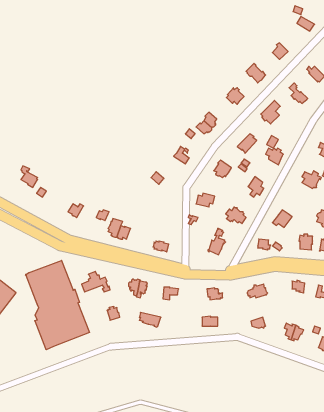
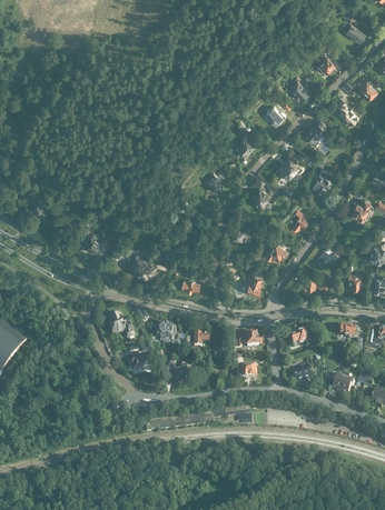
building: [26,260,89,350] -> none

